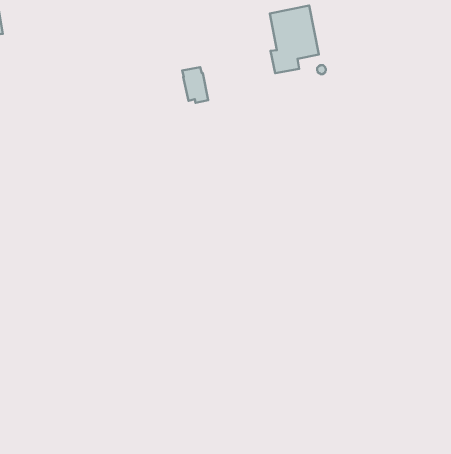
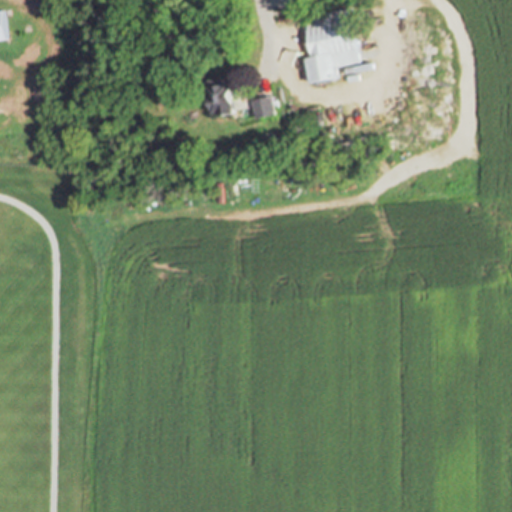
building: none -> [250,98,274,121]

